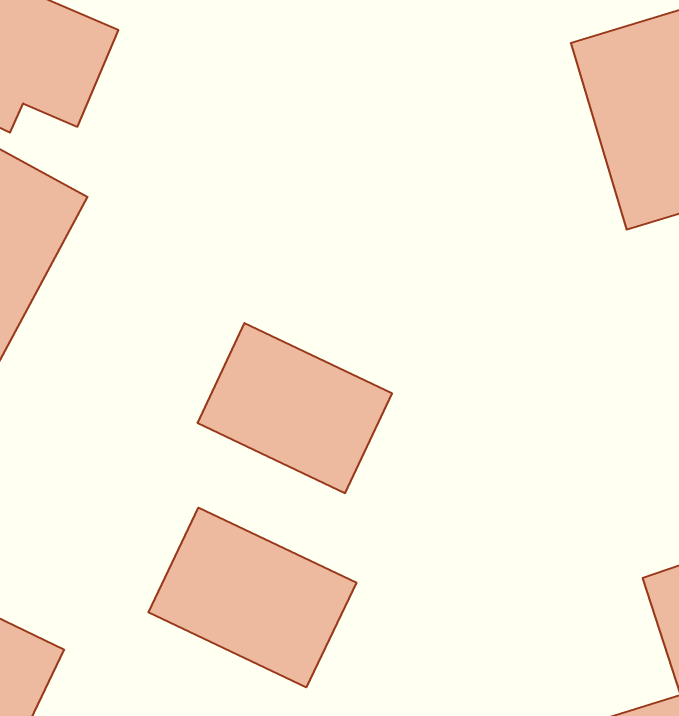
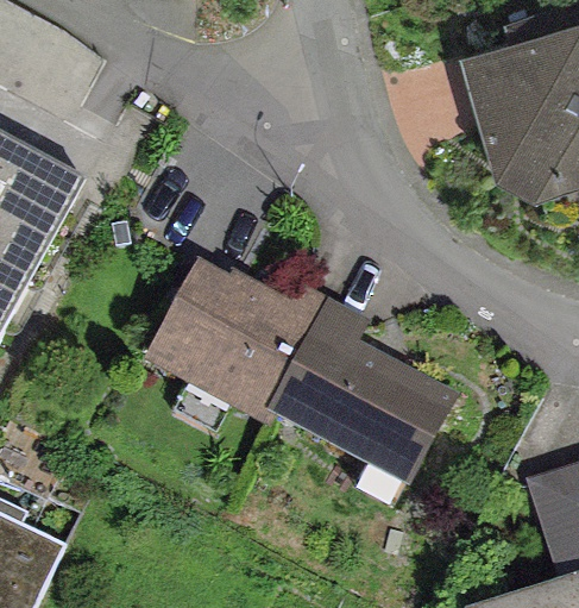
building: none -> [308,344,490,493]
building: [148,508,356,687] -> none

